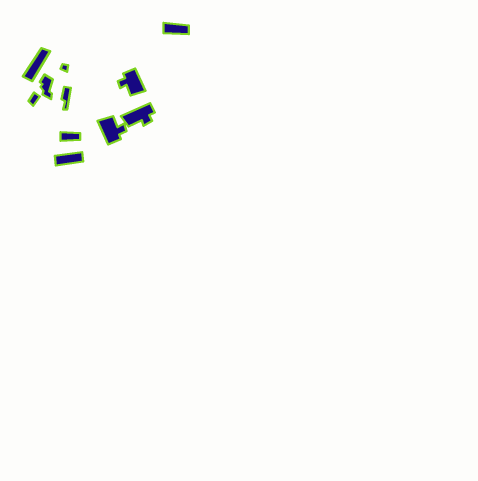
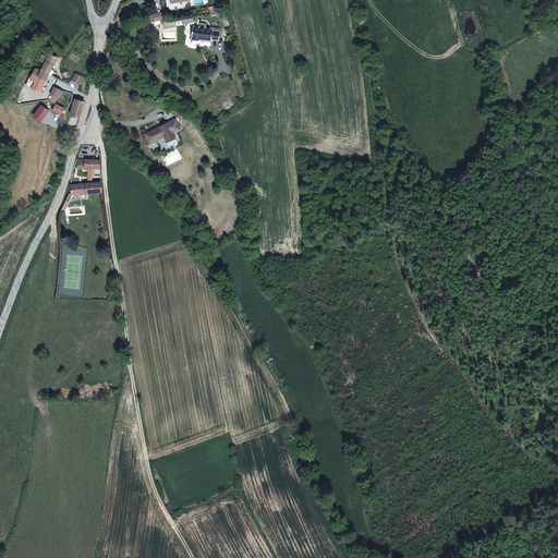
building: [118,68,145,95] -> none
building: [98,116,127,145] -> none

